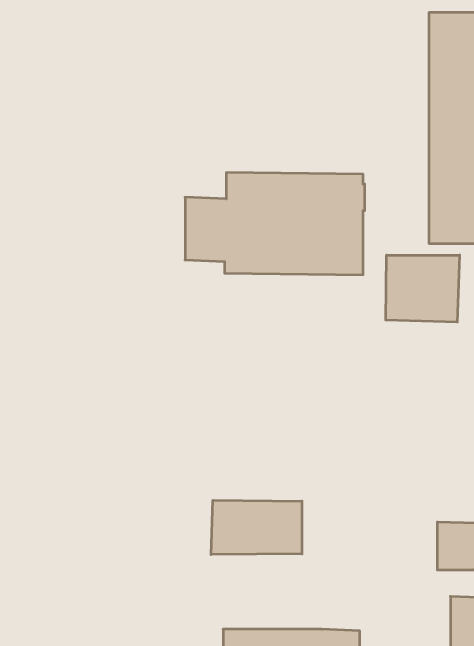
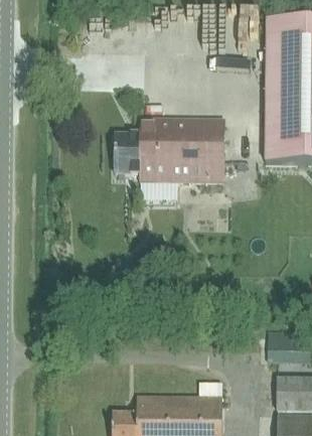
building: [386,255,460,322] -> none
building: [211,500,302,555] -> none

